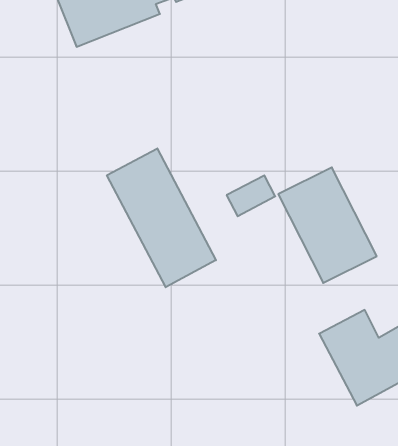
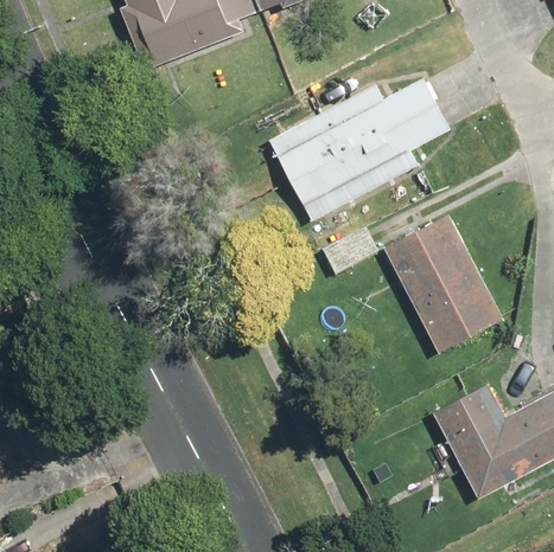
building: none -> [268,78,447,220]
building: [107,148,216,287] -> none

